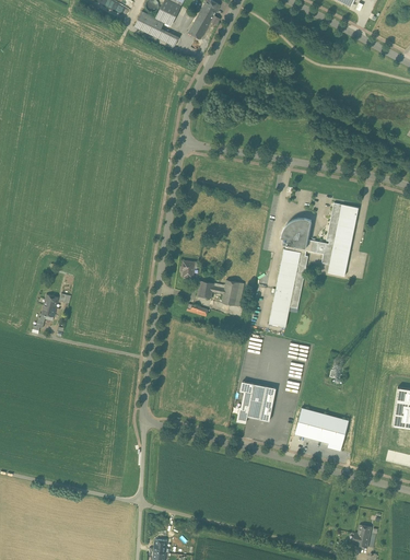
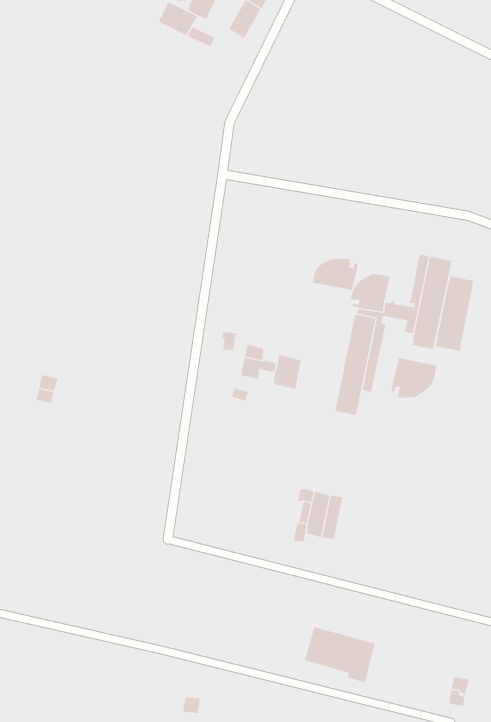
building: none -> [312,258,358,291]
building: none -> [435,276,474,352]
building: none -> [390,357,437,399]
building: [294,407,349,451] -> [304,626,376,684]

